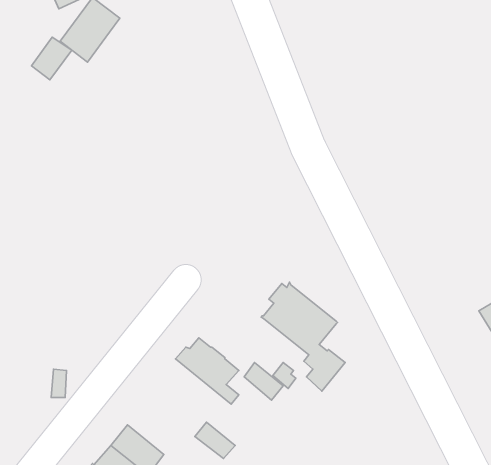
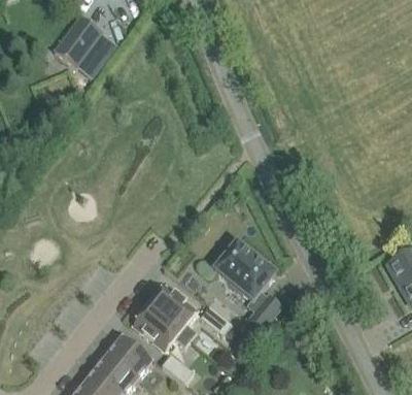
building: [32,37,72,80] -> [76,43,108,77]
building: none -> [132,303,190,351]
building: none -> [105,338,150,380]

